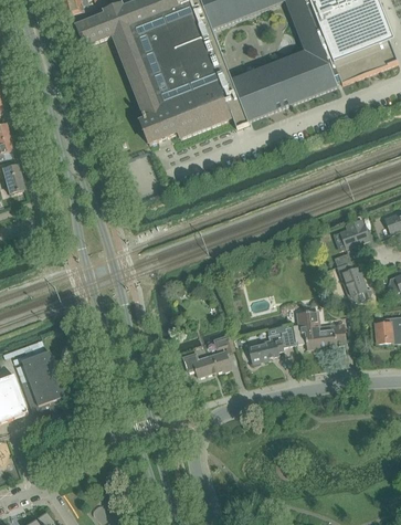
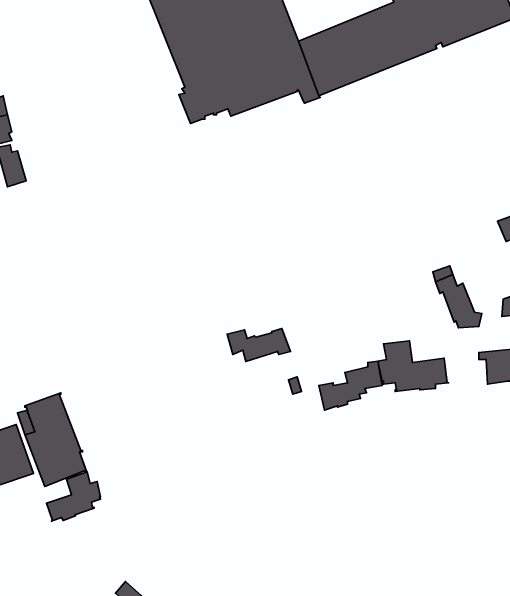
building: [339,218,368,246] -> none
building: [181,350,230,376] -> [227,329,290,362]
building: none -> [46,472,101,521]

